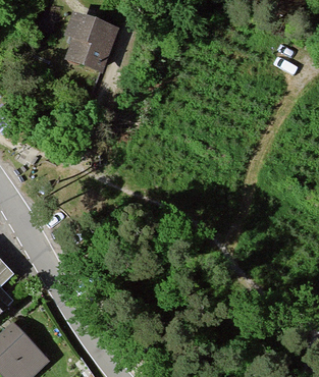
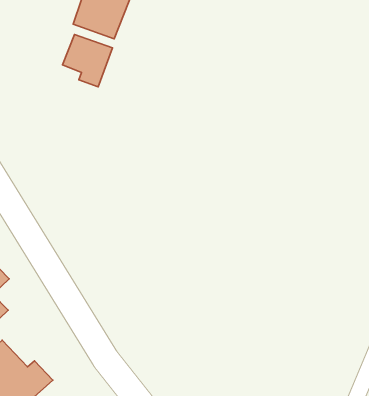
building: none -> [63,34,113,87]

